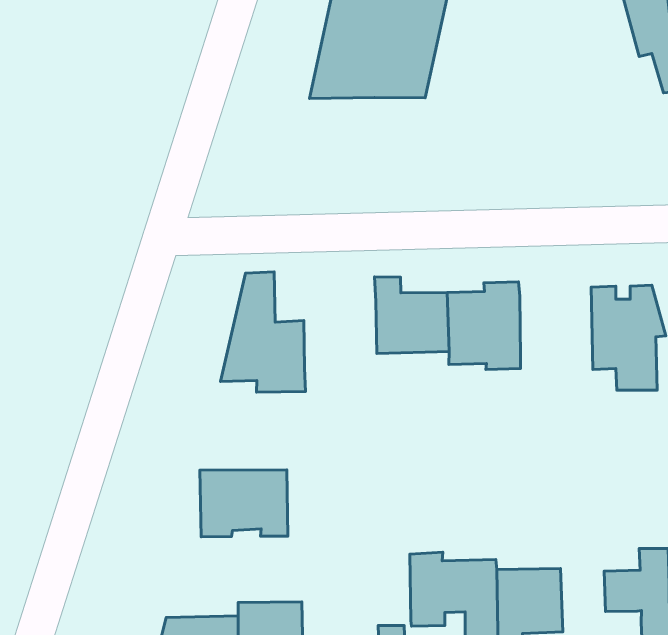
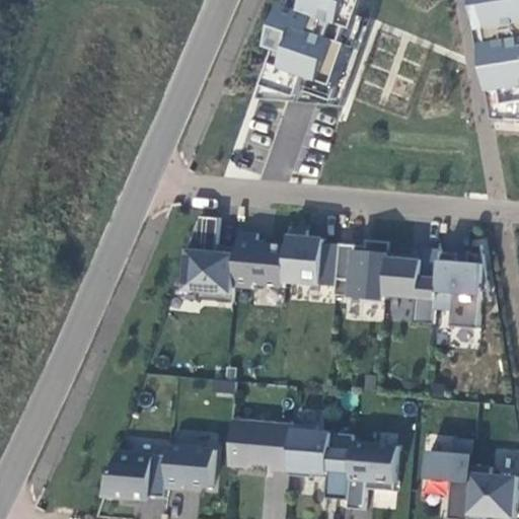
building: none -> [385,246,440,322]
building: none -> [233,230,288,287]
building: [200,470,288,537] -> [228,418,293,470]

